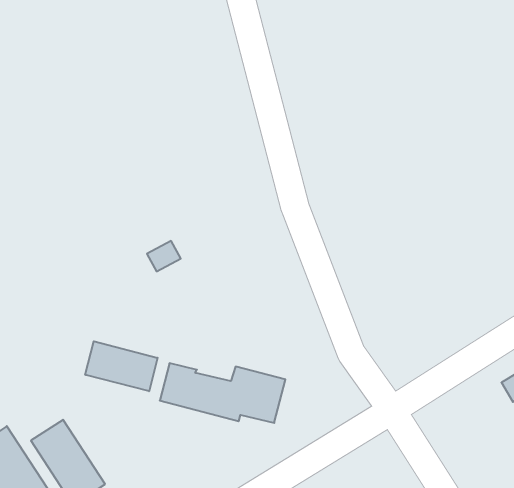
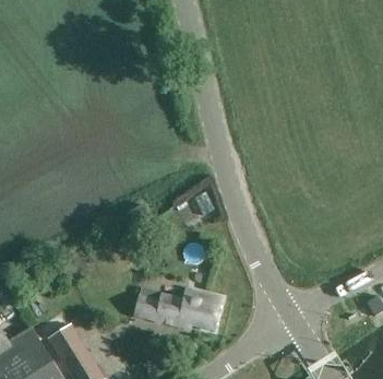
building: [85,341,158,391] -> none

